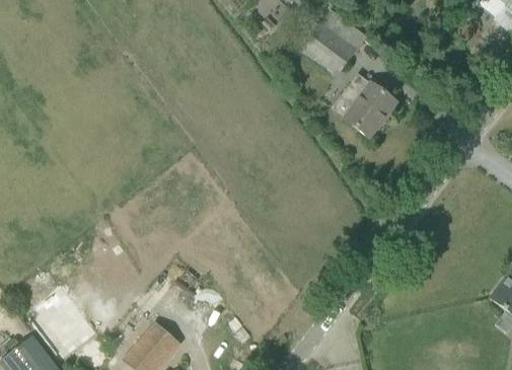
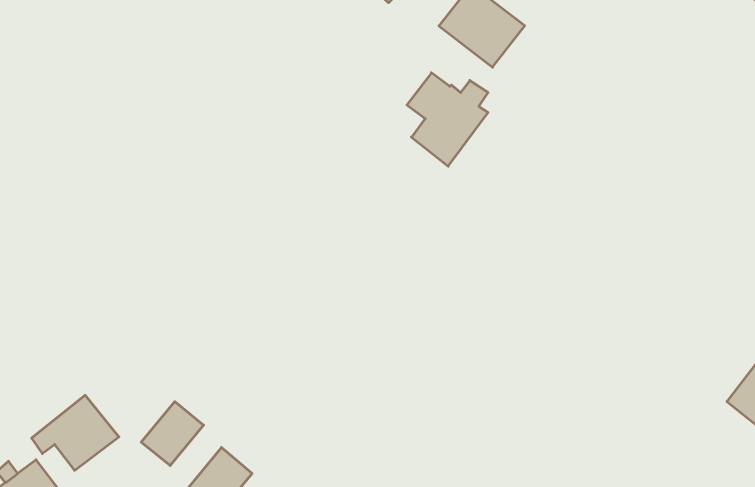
building: [343,75,396,137] -> [407,73,488,166]
building: none -> [141,402,204,466]

